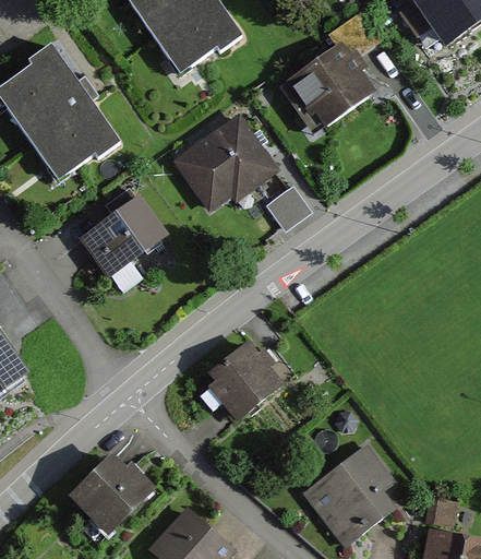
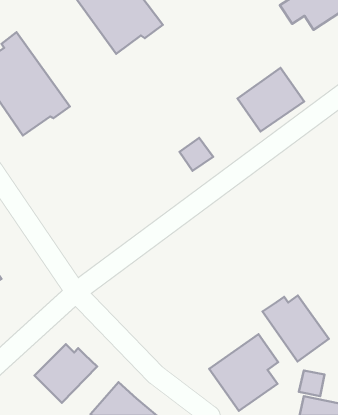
building: [284,44,372,128] -> [238,68,304,131]
building: [172,115,275,212] -> none
building: [79,186,164,275] -> none
building: [204,344,278,416] -> none
building: none -> [262,296,329,361]

